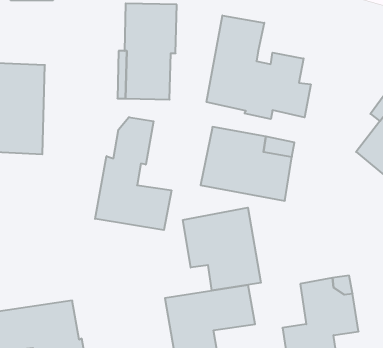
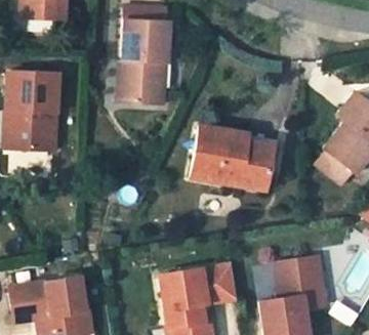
building: [207,15,311,119] -> none
building: [95,117,171,230] -> none
building: [183,208,261,290] -> none

